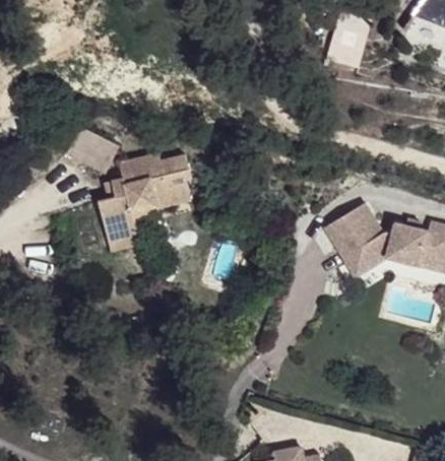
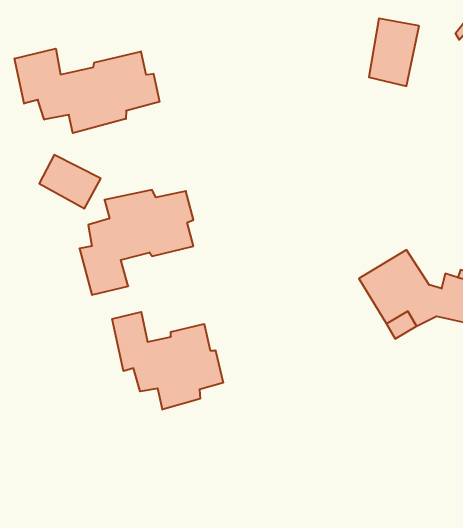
building: none -> [15,49,160,133]
building: none -> [112,312,223,410]

